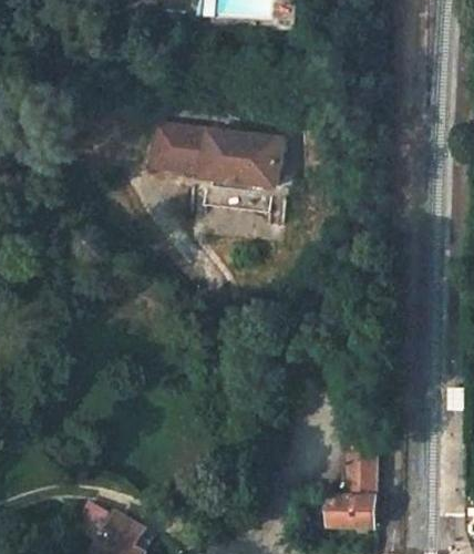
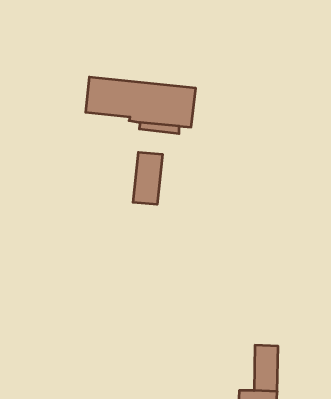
building: none -> [133,152,162,204]

